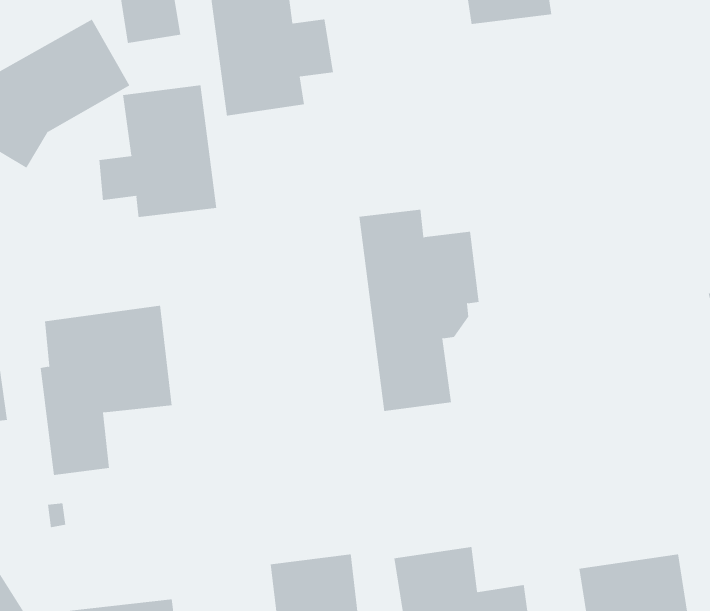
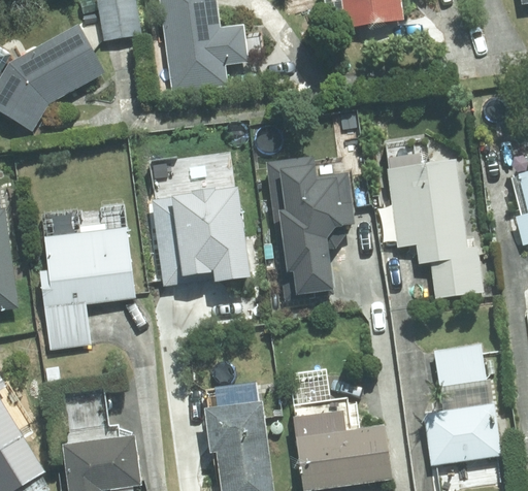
building: [99,84,217,218] -> none
building: none -> [387,157,484,298]
building: none -> [150,187,249,288]
building: none -> [434,342,486,386]

